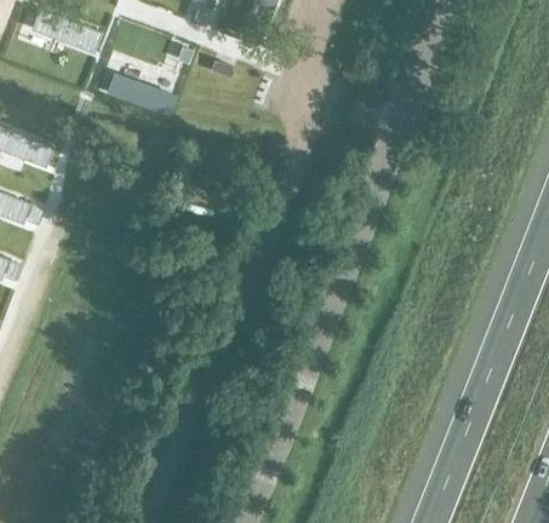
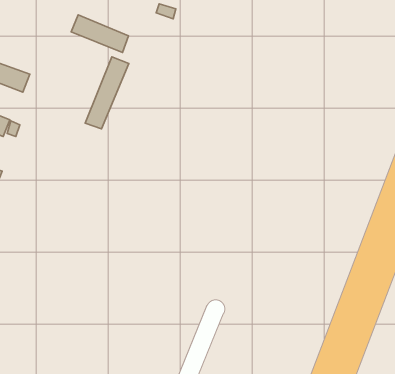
building: none -> [85,57,129,129]

